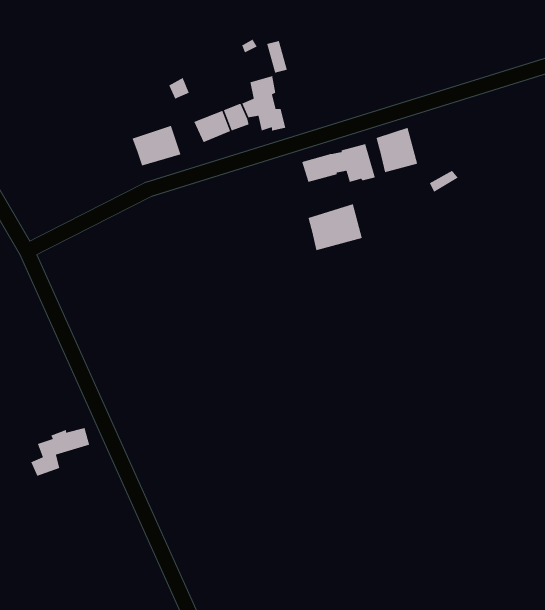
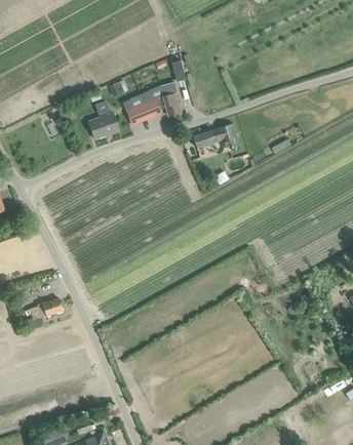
building: [375,127,418,173] -> none
building: [308,203,363,251] -> none

